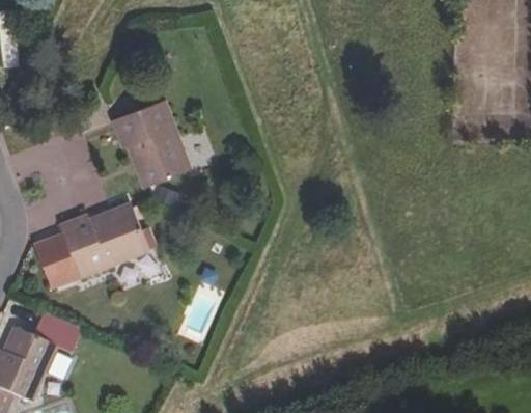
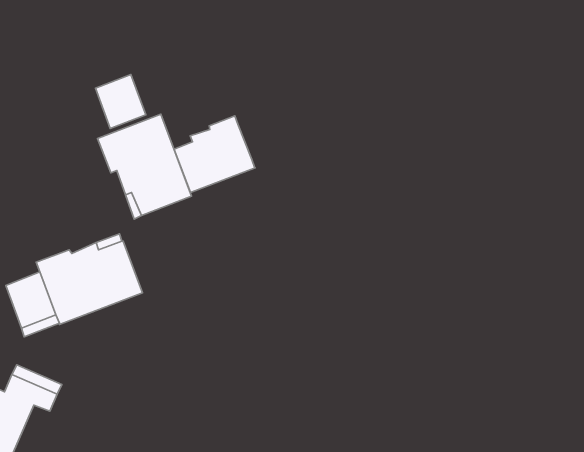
building: none -> [95,75,146,129]
building: none -> [174,116,255,192]

